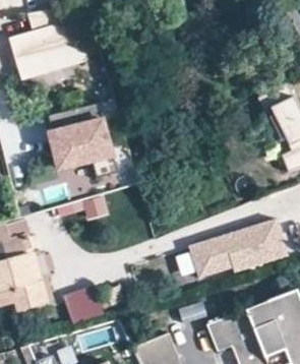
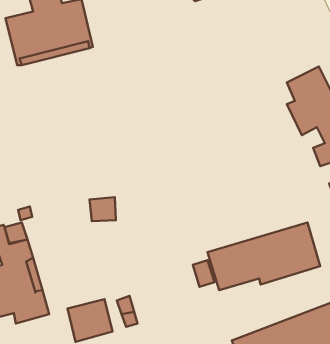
building: [48,103,117,178] -> none

